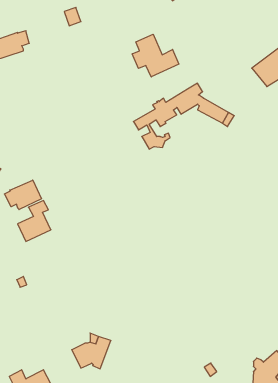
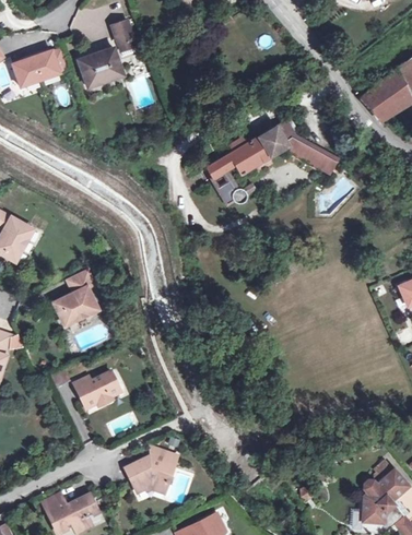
building: none -> [82,46,126,85]
building: [132,34,179,77] -> none
building: [4,180,42,210] -> none
building: none -> [73,370,119,407]

